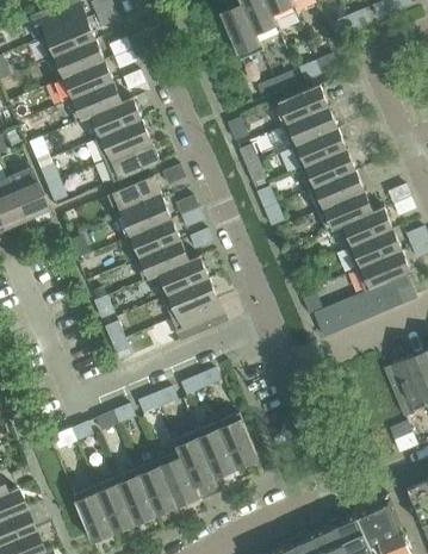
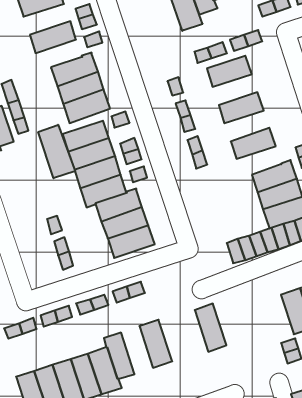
building: [48,39,105,80] -> none
building: [66,81,123,123] -> none
building: [283,106,337,147] -> none
building: [300,149,355,189] -> none
building: none -> [38,125,75,178]
building: [318,191,373,232] -> none
building: [196,421,237,479] -> [195,304,226,352]

